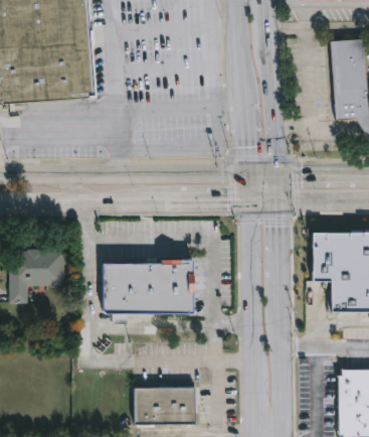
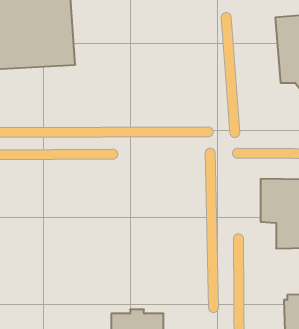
building: [11,252,65,304] -> none
building: [106,263,197,314] -> none

